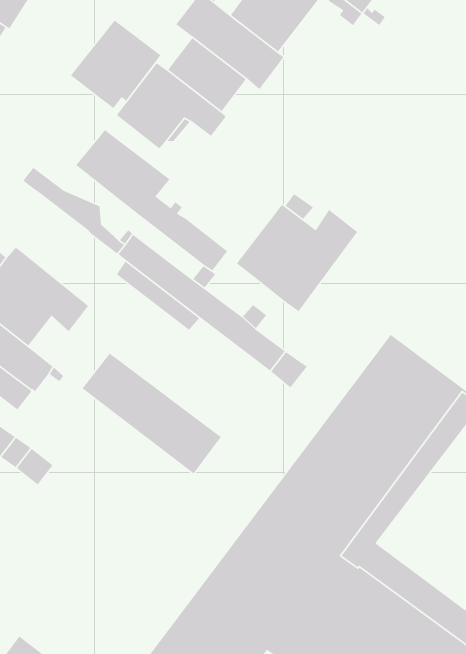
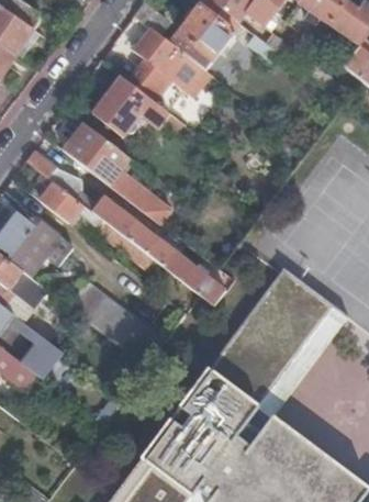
building: [70,19,162,109] -> none
building: none -> [29,174,90,221]
building: [236,204,358,312] -> none

